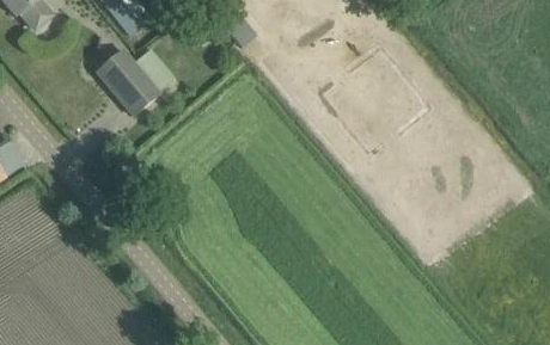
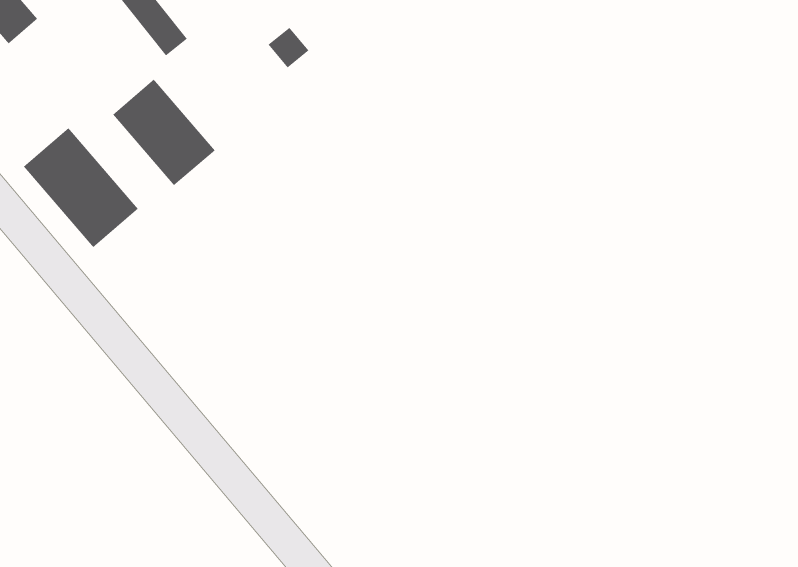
building: none -> [23,127,139,248]

